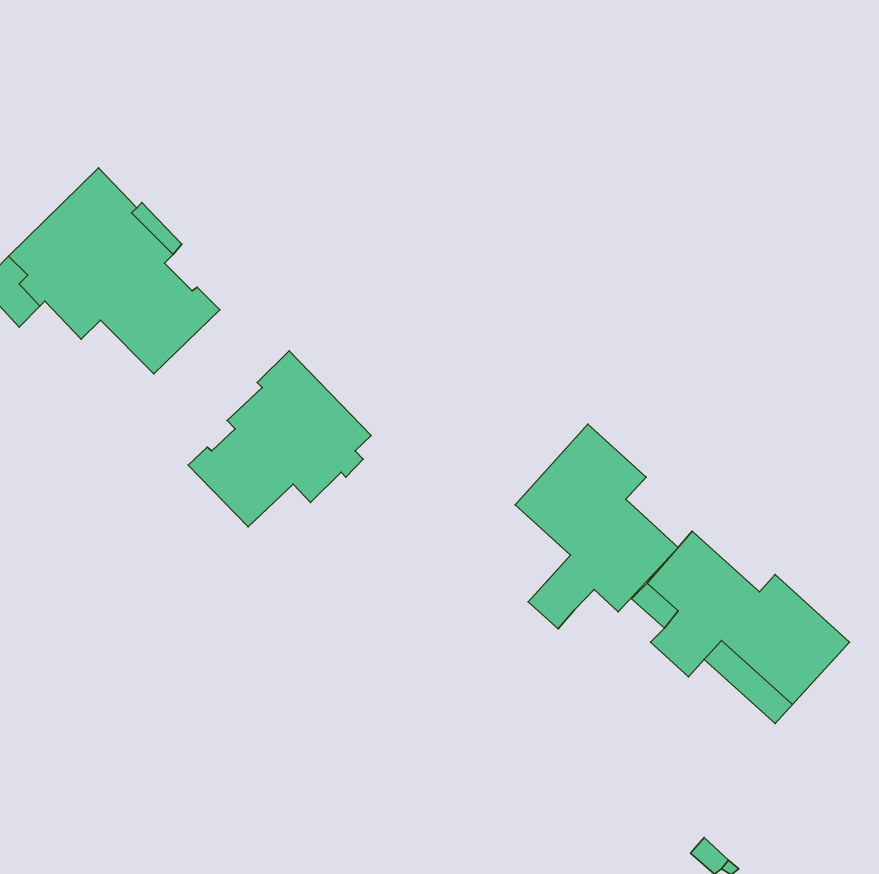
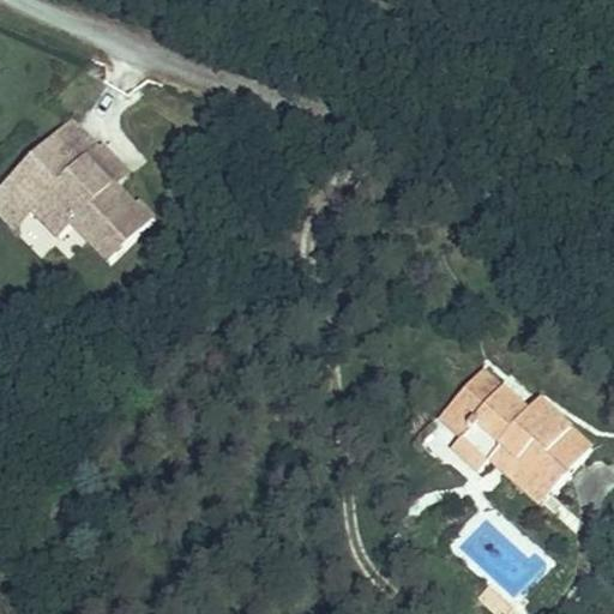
building: [188,351,371,527] -> none
building: [515,424,678,629] -> none

